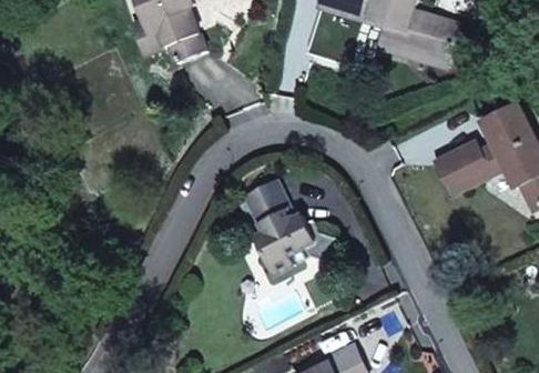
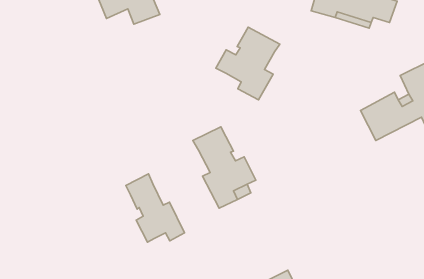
building: none -> [216,27,280,100]
building: none -> [126,174,185,242]

